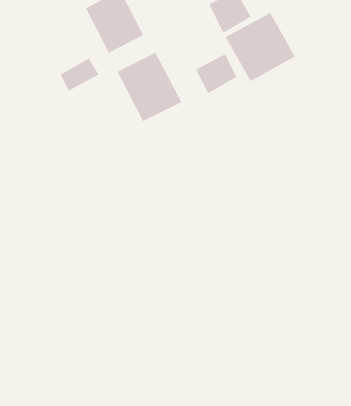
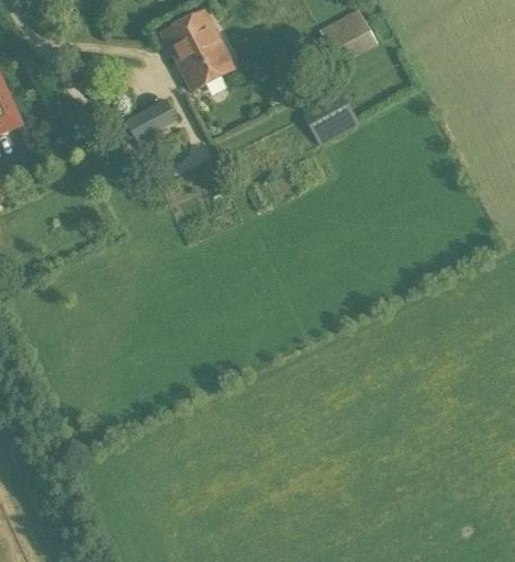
building: [225,12,296,82] -> none
building: [117,52,182,122] -> none

